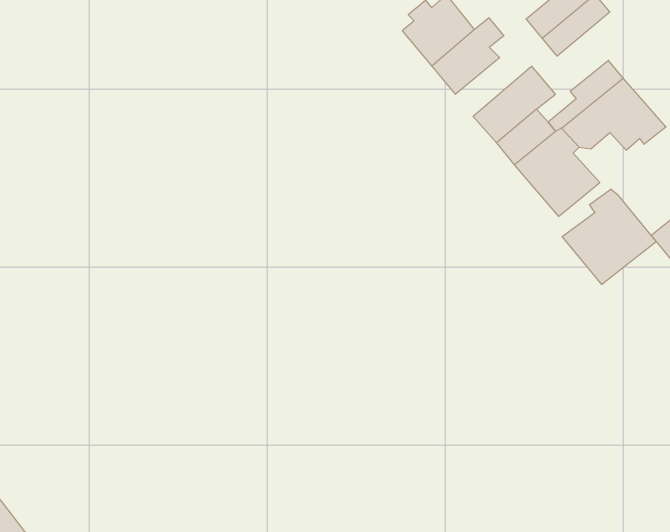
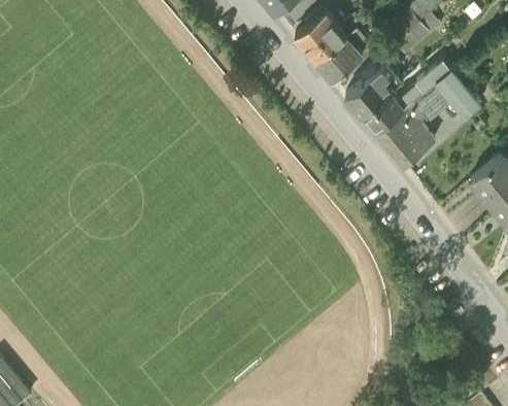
building: [562,189,656,284] -> none

